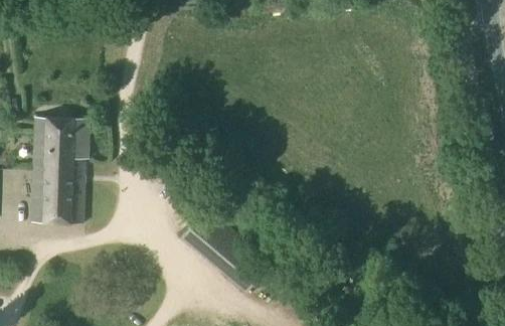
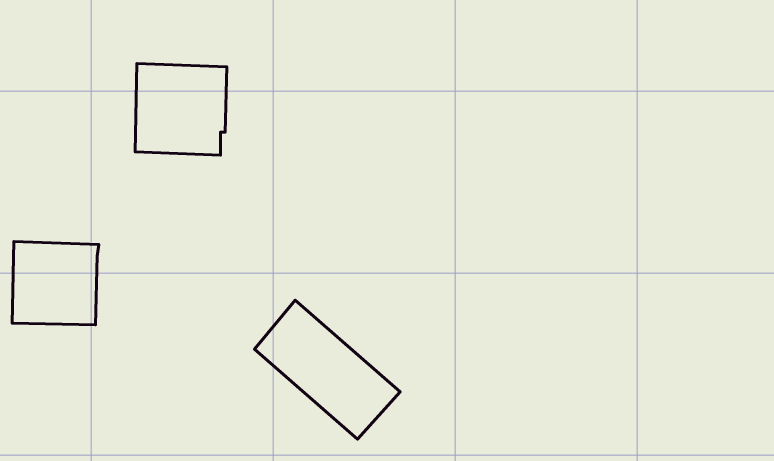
building: [32,117,89,173] -> [135,64,227,155]

